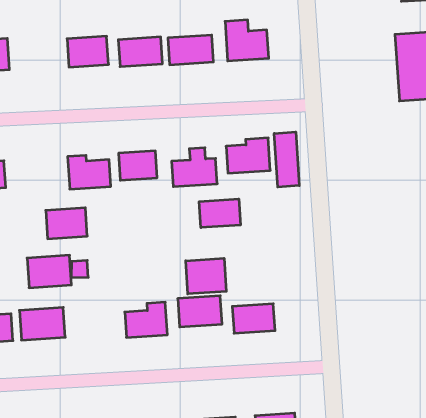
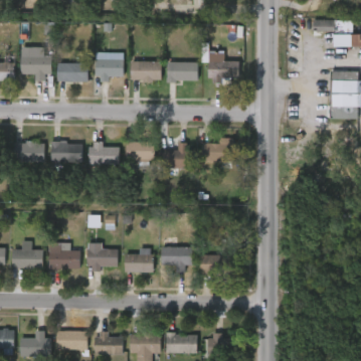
building: none -> [57,63,87,81]
building: [274,132,299,187] -> none
building: [199,199,240,228] -> none
building: [46,208,87,239] -> [50,142,78,162]
building: [27,255,71,288] -> [86,249,117,270]
building: [186,258,226,294] -> none

